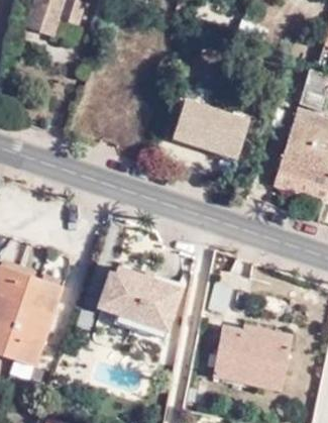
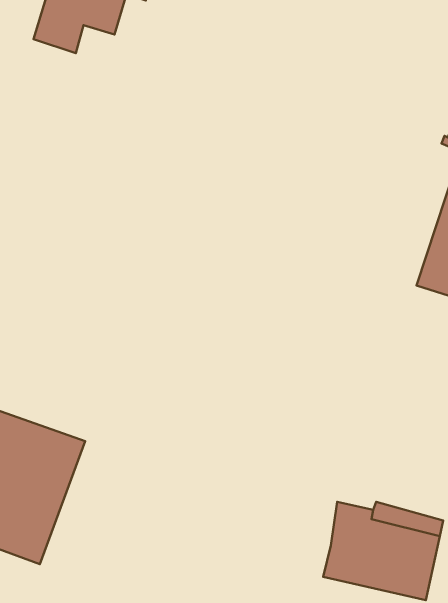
building: [174,98,250,152] -> none
building: [99,267,180,327] -> none

